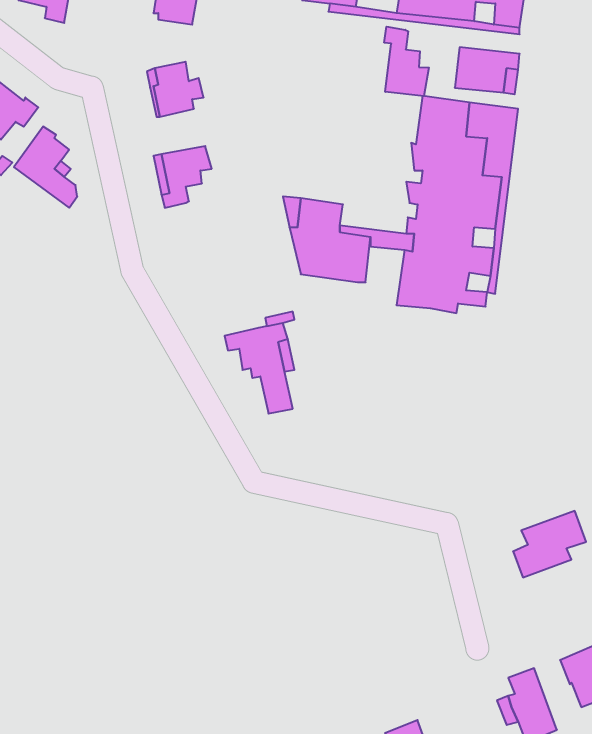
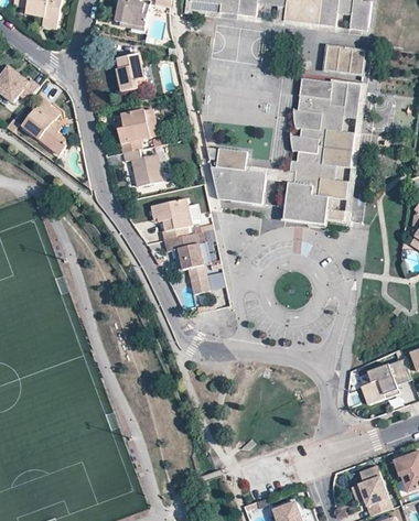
building: [384,27,429,96] -> none
building: none -> [123,149,161,185]
building: none -> [151,198,198,239]

